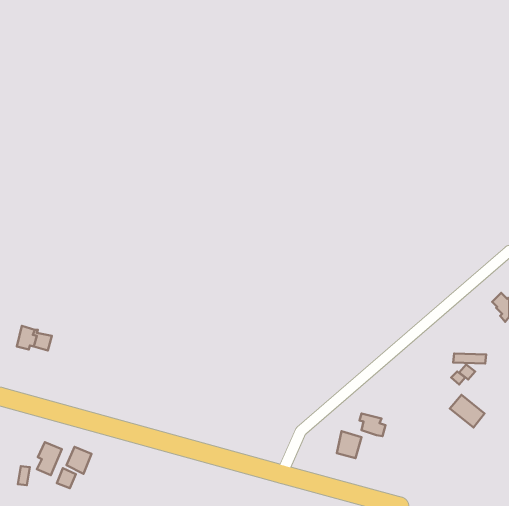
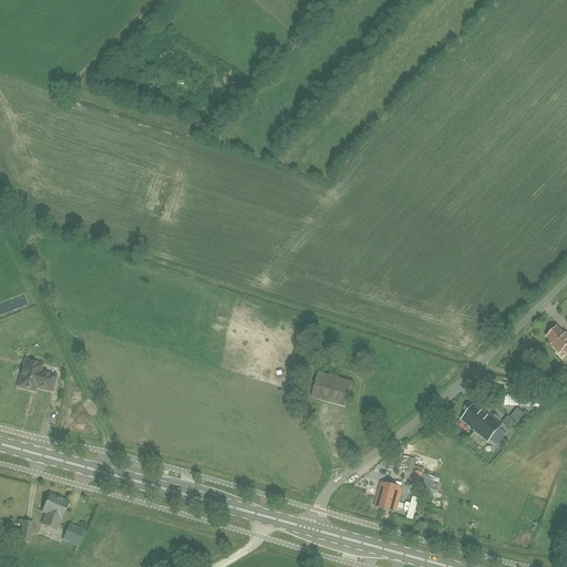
building: none -> [311,370,352,404]
building: [450,395,485,428] -> [462,402,501,439]
building: [66,447,92,474] -> none

